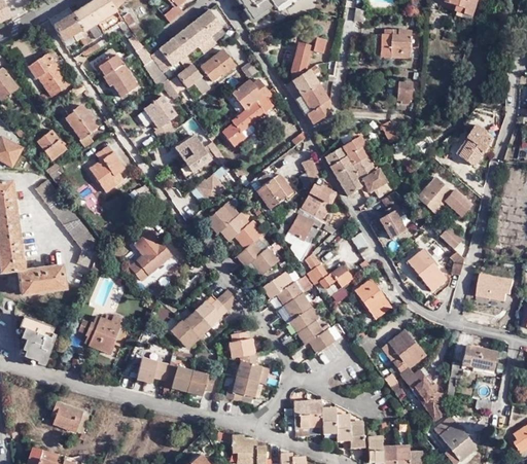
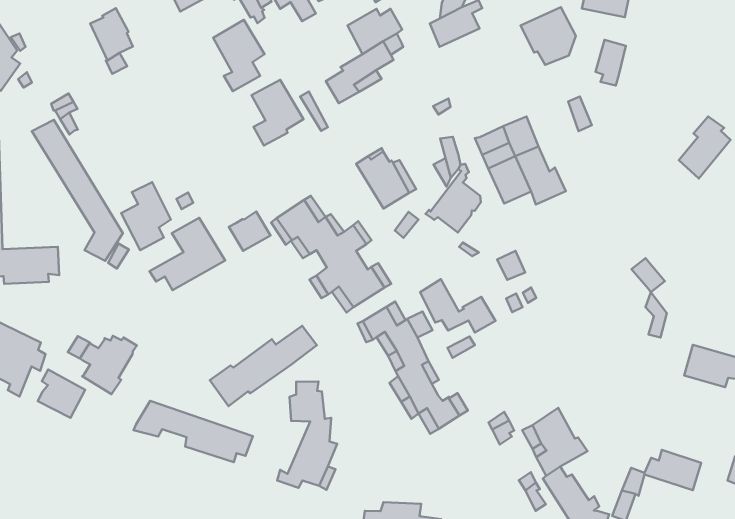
building: [293,84,330,123] -> [520,7,576,65]
building: [35,129,66,160] -> none
building: [91,144,124,189] -> [121,182,171,250]
building: [197,173,224,200] -> [229,212,270,251]
building: [416,175,468,212] -> none
building: [380,193,408,238] -> none
building: [284,210,315,258] -> none
building: [406,251,446,290] -> none
building: [353,276,389,316] -> none
building: [51,402,81,432] -> [38,369,85,418]

